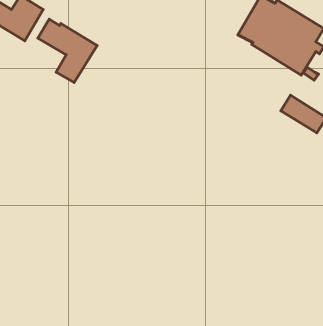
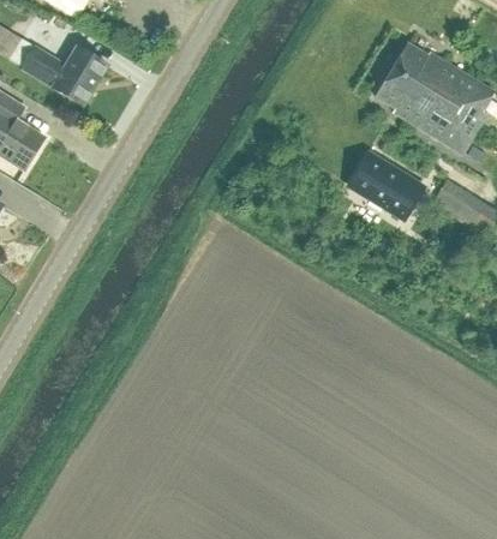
building: [38,19,97,83] -> none
building: none -> [357,155,423,217]

